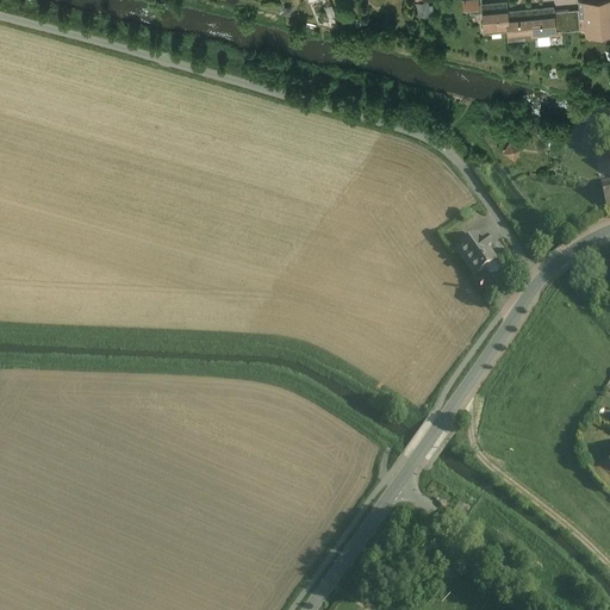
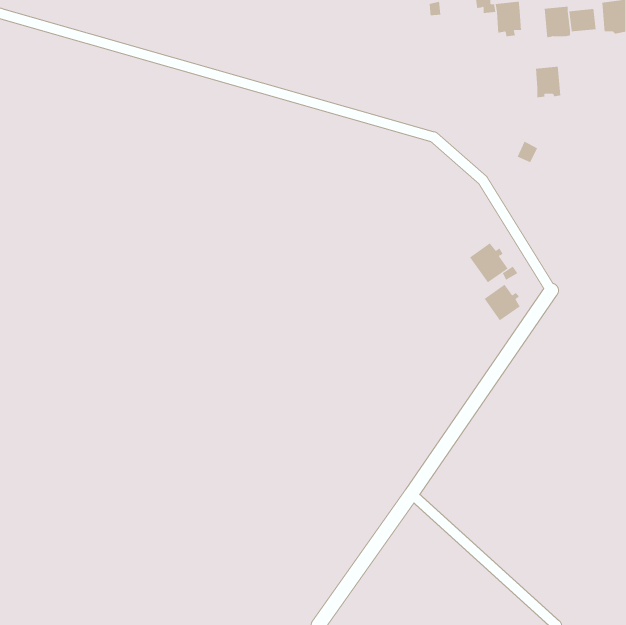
building: [506,8,531,39] -> [535,66,561,98]
building: none -> [484,284,520,321]

